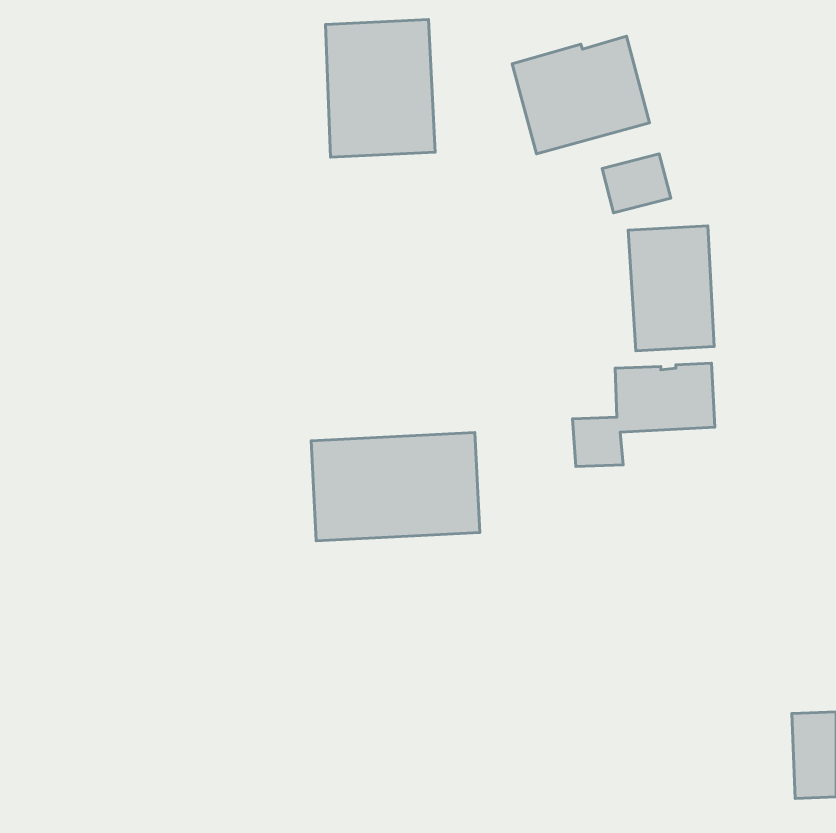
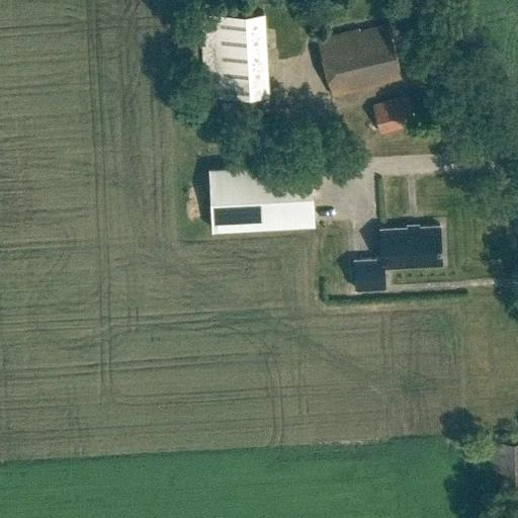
building: [628,226,714,351] -> none
building: [311,433,480,541] -> [213,166,318,233]

